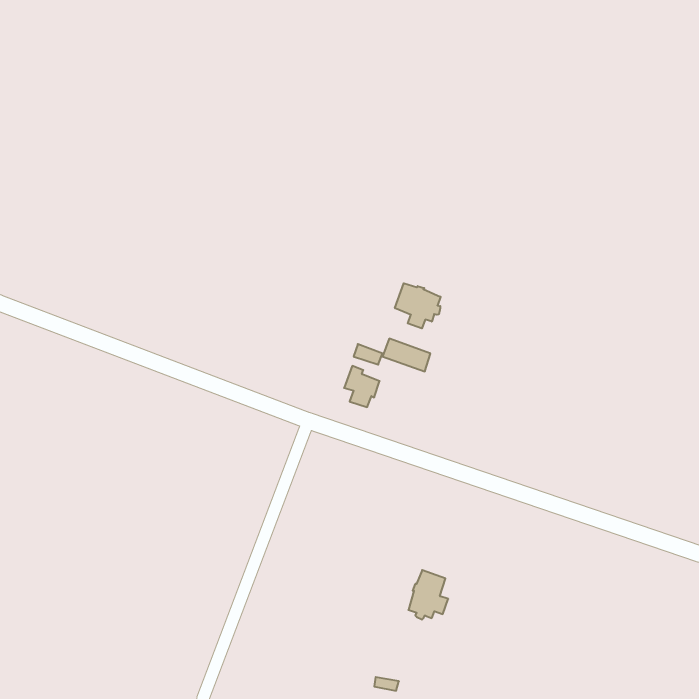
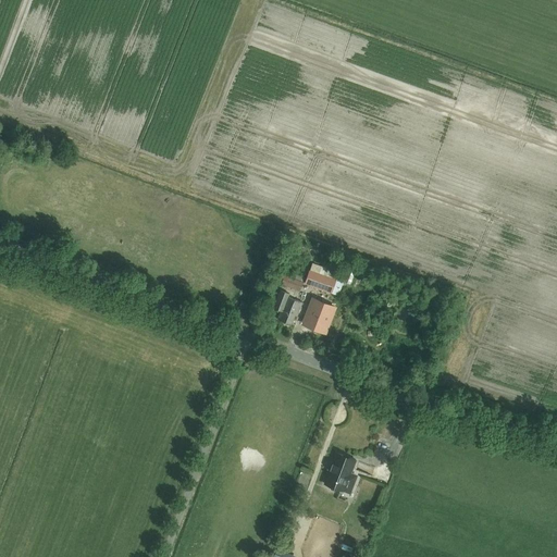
building: [395,283,441,328] -> none
building: none -> [306,298,336,332]

